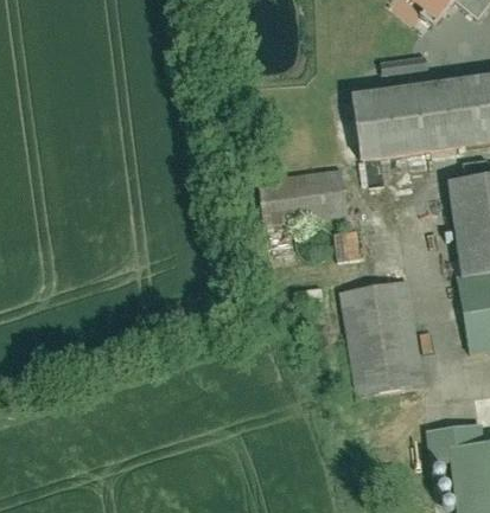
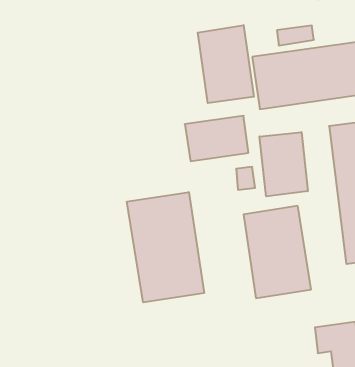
building: none -> [198,25,254,103]
building: none -> [260,132,308,196]
building: none -> [127,192,204,302]

